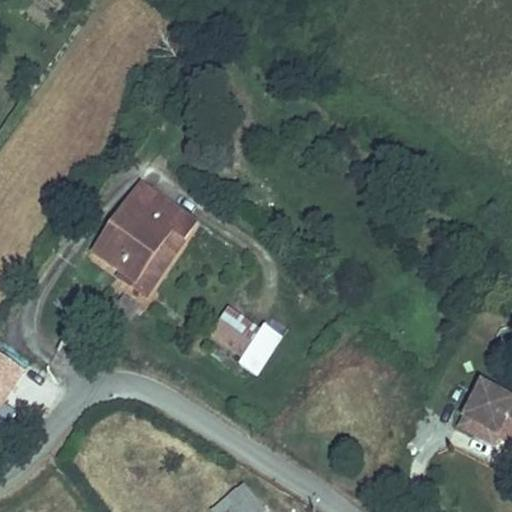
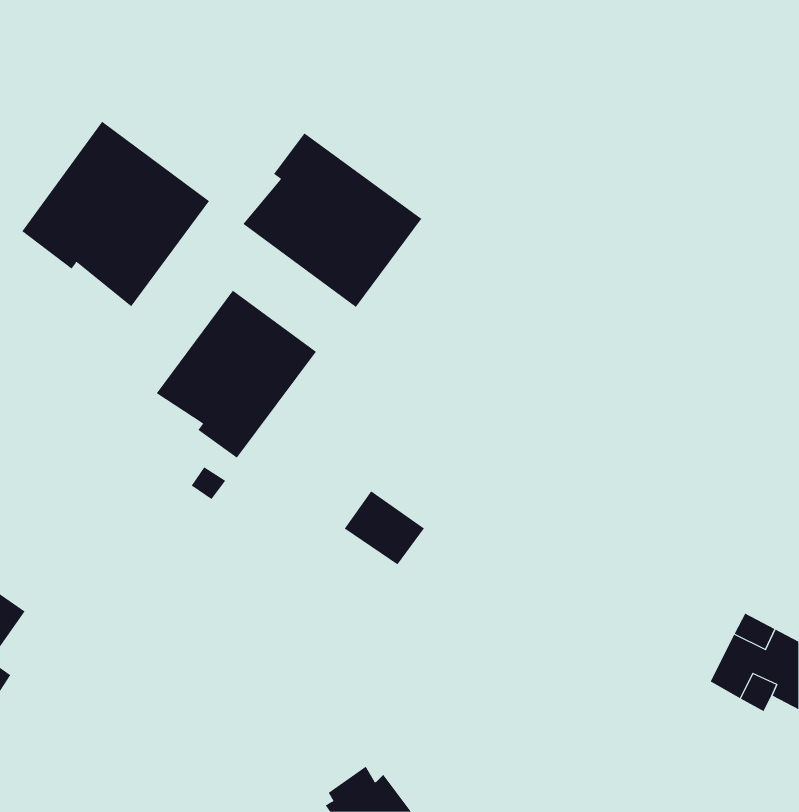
building: none -> [22,121,210,307]
building: none -> [243,132,422,308]

